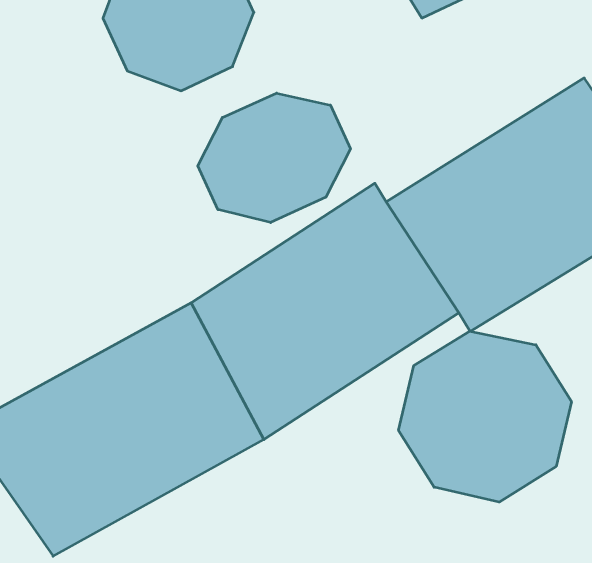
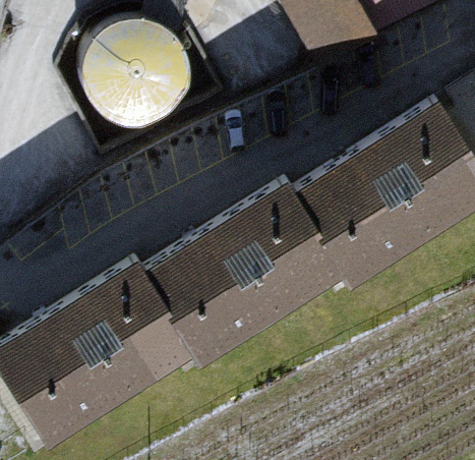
building: [198,93,350,223] -> none
building: [399,331,571,502] -> none

